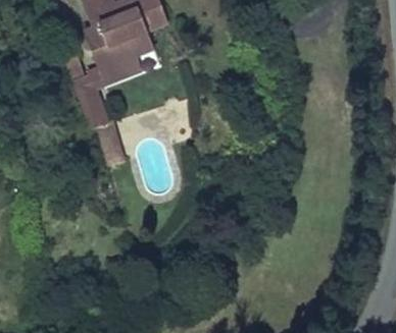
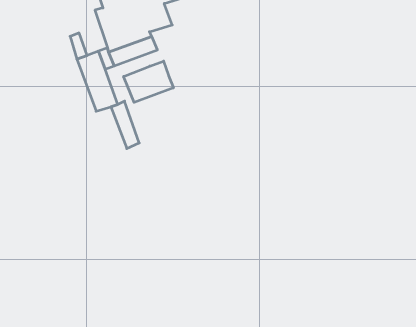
building: none -> [124,61,173,102]

